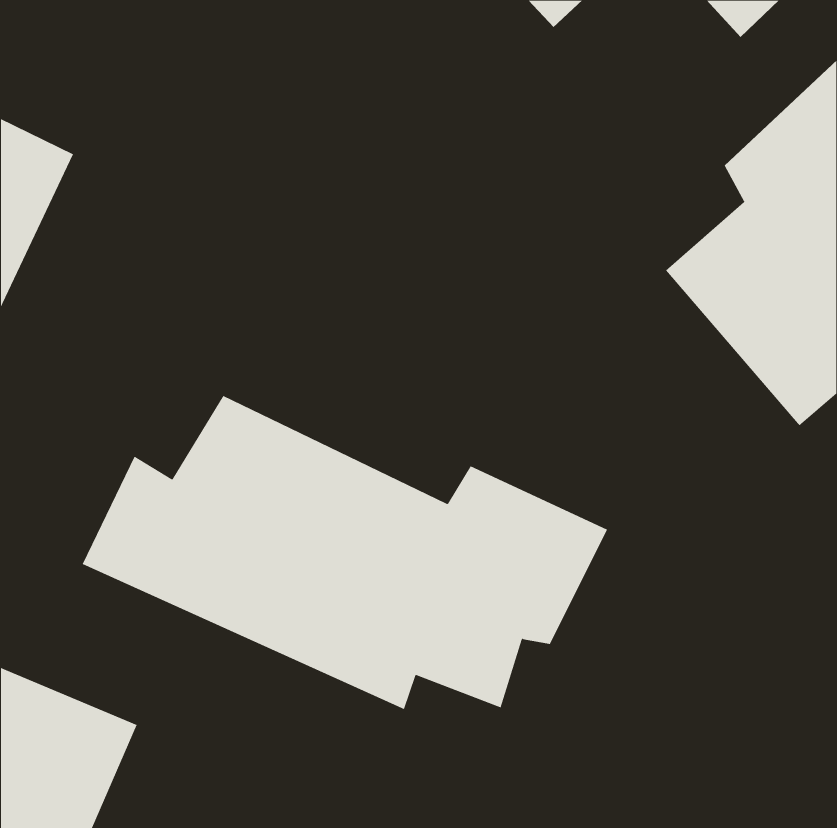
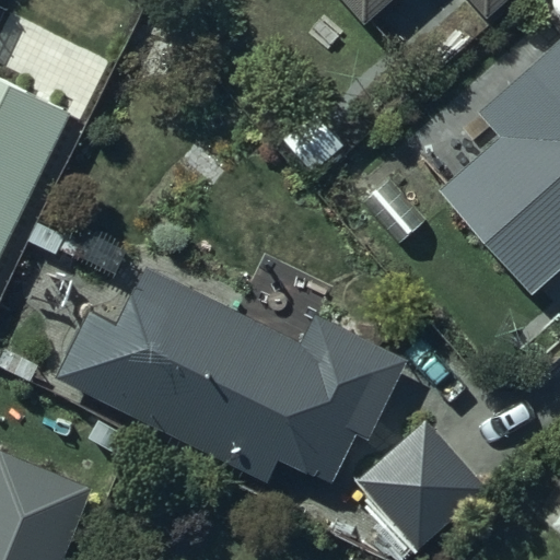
building: none -> [358,415,491,555]

